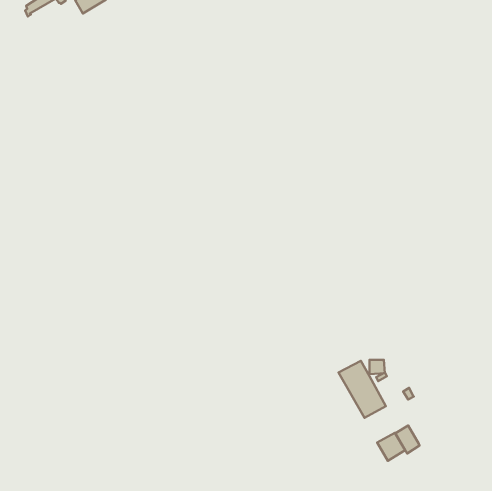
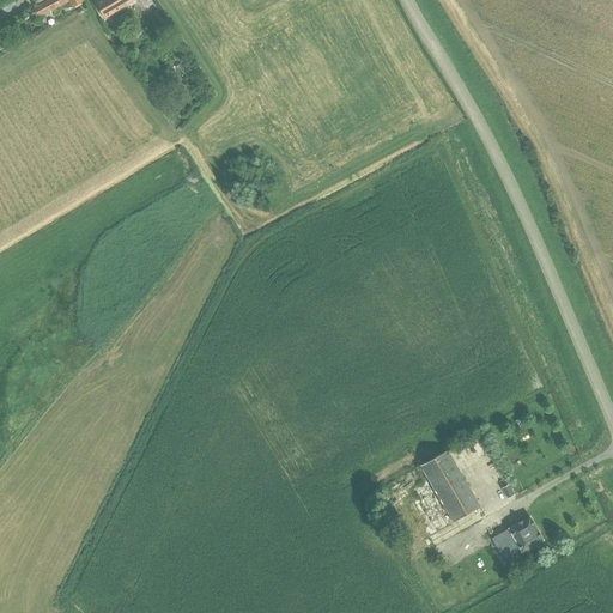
building: [377,433,405,461] -> [506,516,541,551]

